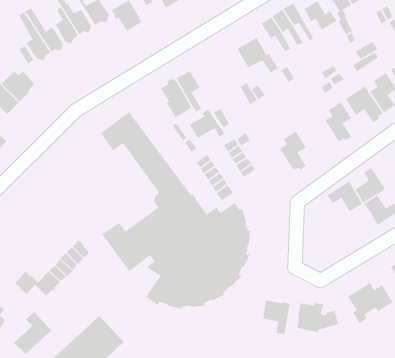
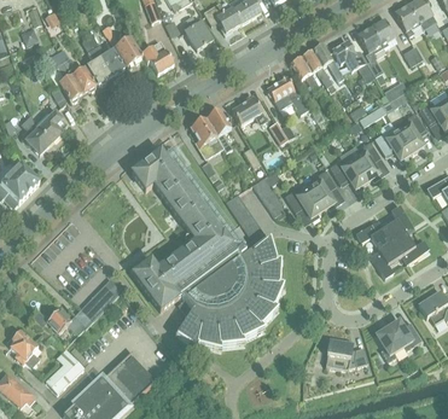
building: [189,109,225,139] -> [231,94,267,124]
building: none -> [328,151,367,192]
building: none -> [284,188,322,221]
building: none -> [370,243,401,279]
building: [263,299,290,334] -> none

